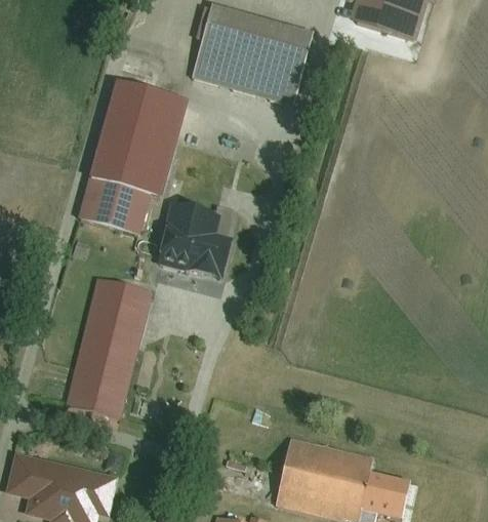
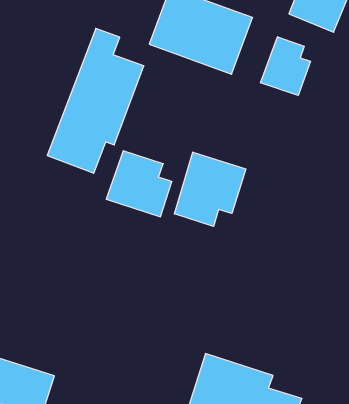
building: none -> [261,37,311,95]
building: none -> [174,152,246,226]
building: [67,277,150,418] -> none

